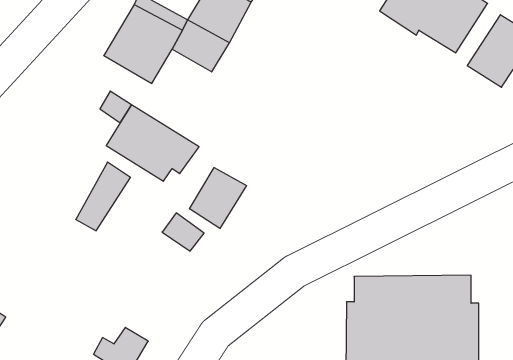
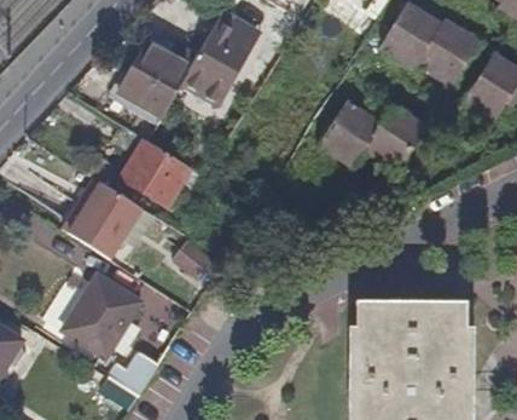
building: none -> [316,98,430,173]
building: none -> [62,176,121,247]
building: [190,168,247,228] -> none
building: none -> [65,275,140,357]

